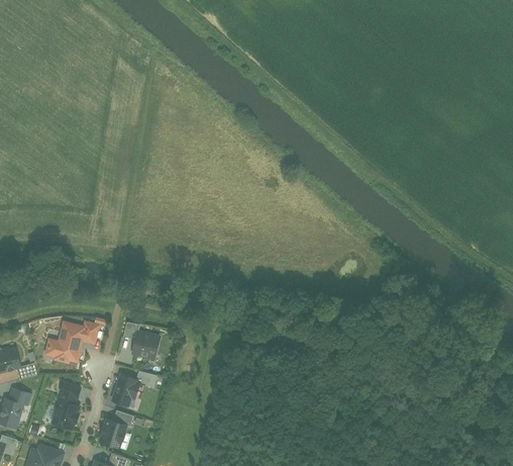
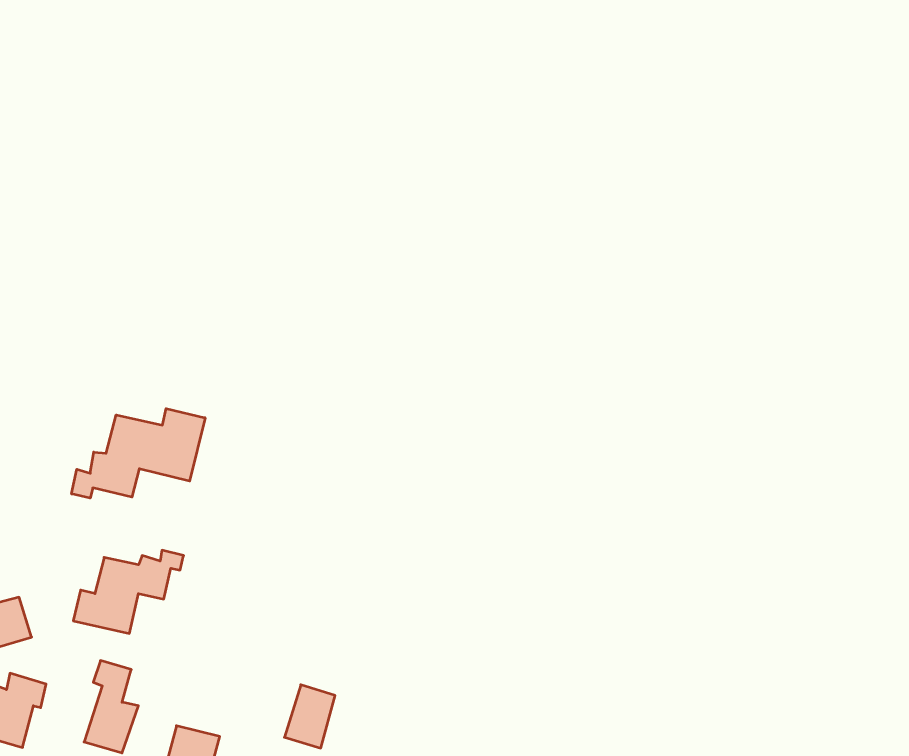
building: none -> [72,409,205,498]
building: [130,332,162,363] -> none
building: [110,372,138,407] -> [284,685,335,748]

